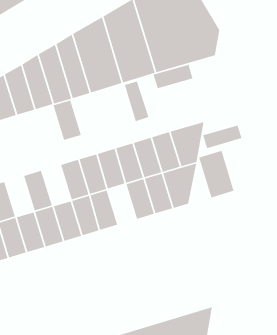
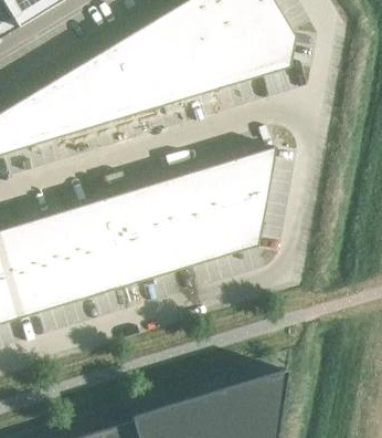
building: [153,64,194,89] -> none
building: [124,81,149,122] -> none
building: [52,99,82,141] -> [79,199,115,249]
building: [202,124,242,149] -> none
building: [198,150,235,199] -> none
building: none -> [35,212,71,262]
building: none -> [158,222,193,272]

